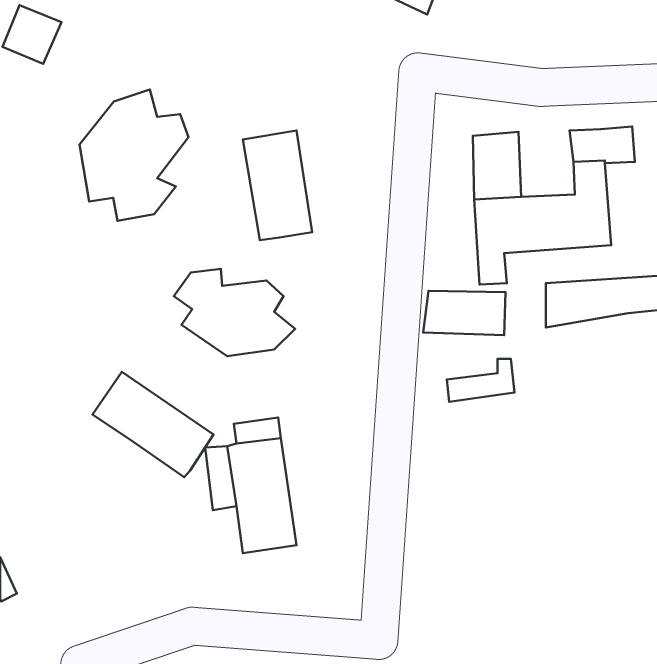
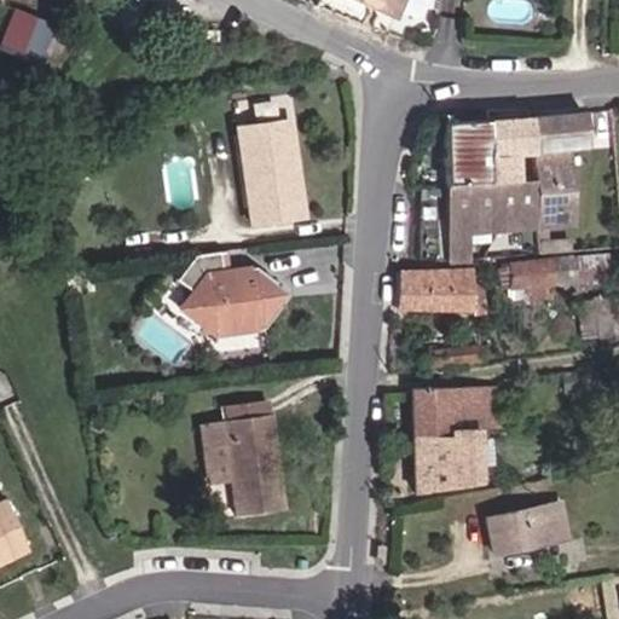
building: [80,90,188,221] -> none
building: none -> [490,121,542,183]
building: [93,372,213,477] -> none
building: none -> [417,388,503,496]
building: none -> [485,503,574,553]

